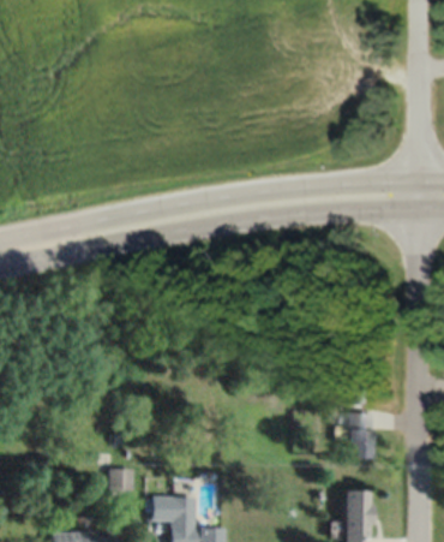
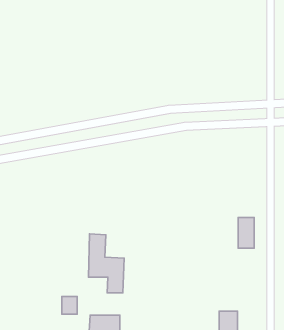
building: none -> [88,234,124,293]
building: [349,412,373,458] -> [238,217,254,248]

